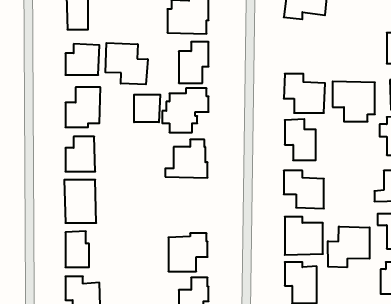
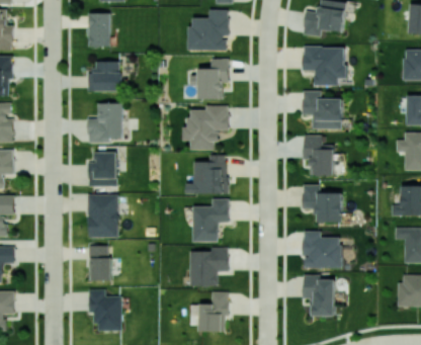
building: [105,43,148,84] -> none
building: [333,81,375,122] -> [304,46,345,85]
building: [134,95,160,122] -> none
building: none -> [192,197,229,240]
building: [328,226,370,267] -> none

